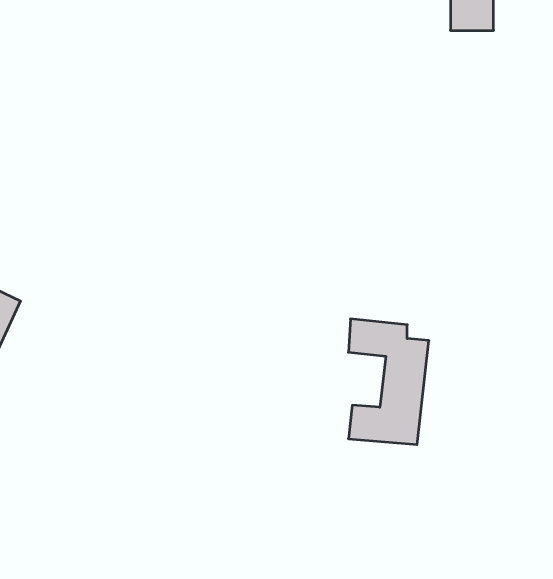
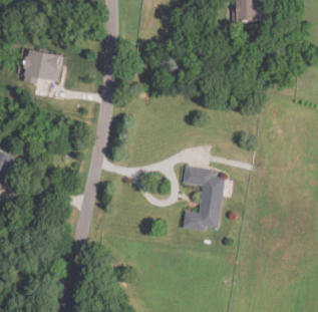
building: none -> [25,51,64,82]

